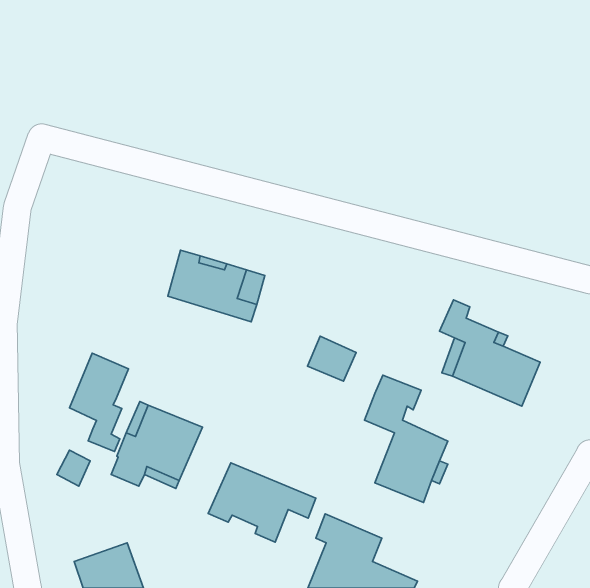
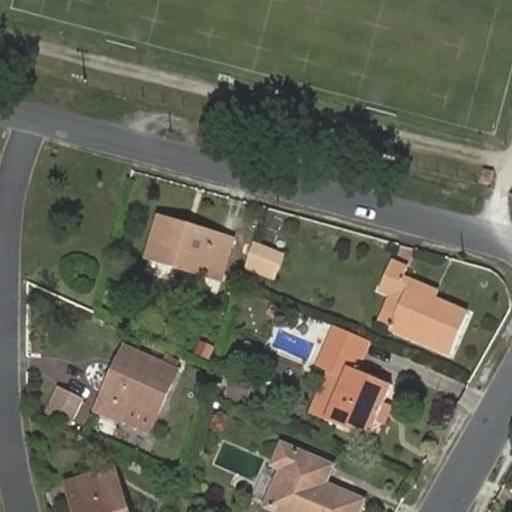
building: [308,336,356,381] -> [243,239,285,278]
building: [69,353,129,452] -> none
building: [208,463,316,542] -> none

